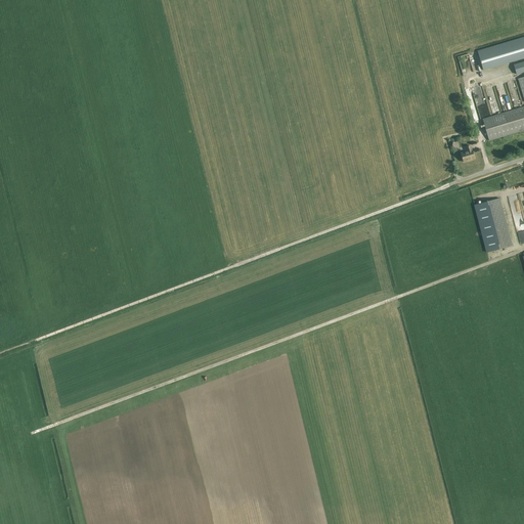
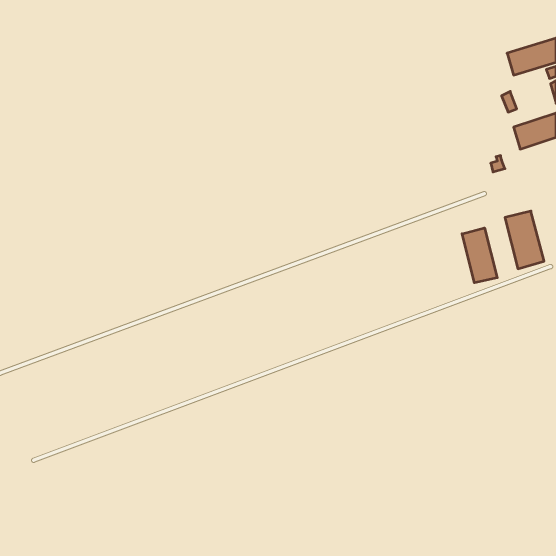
building: none -> [462,228,497,283]

